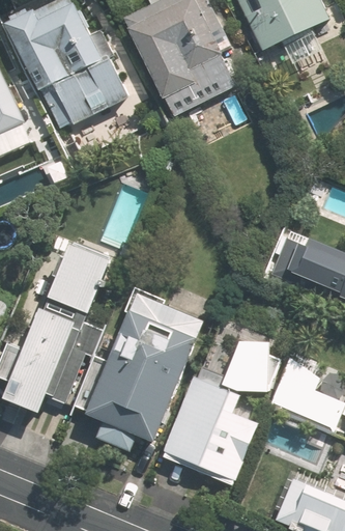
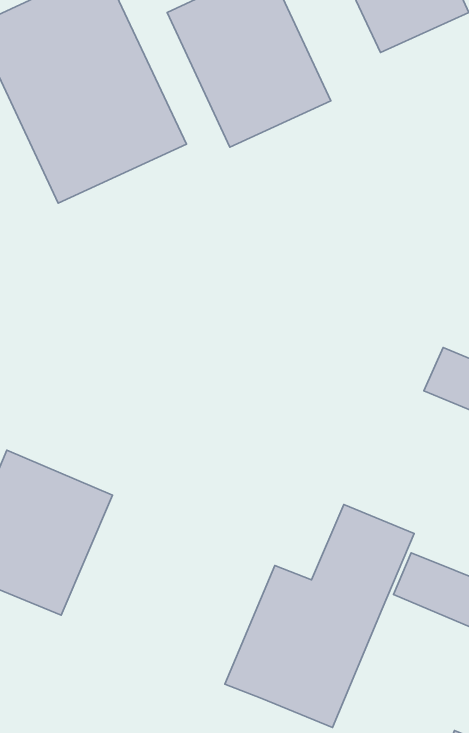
building: [41,236,112,307] -> none
building: [84,311,192,437] -> none

